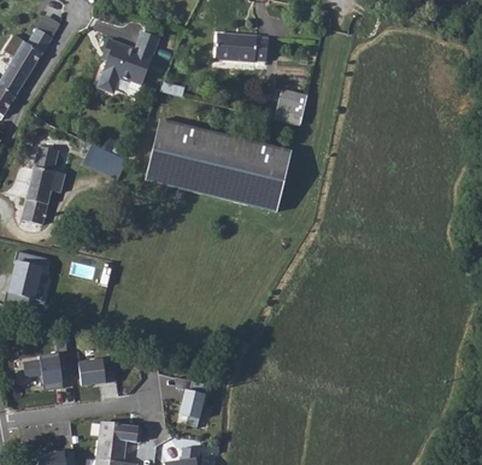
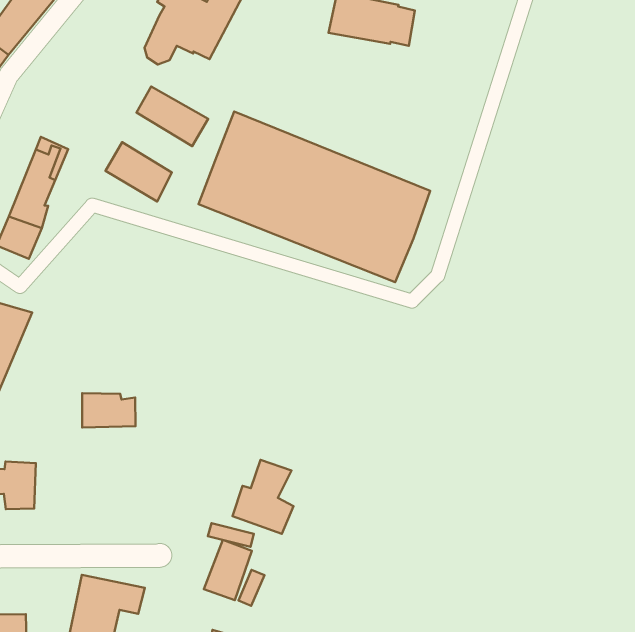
building: [275,89,307,126] -> none
building: none -> [137,87,208,146]
building: none -> [232,460,293,534]
building: [78,361,114,385] -> [82,393,136,427]

